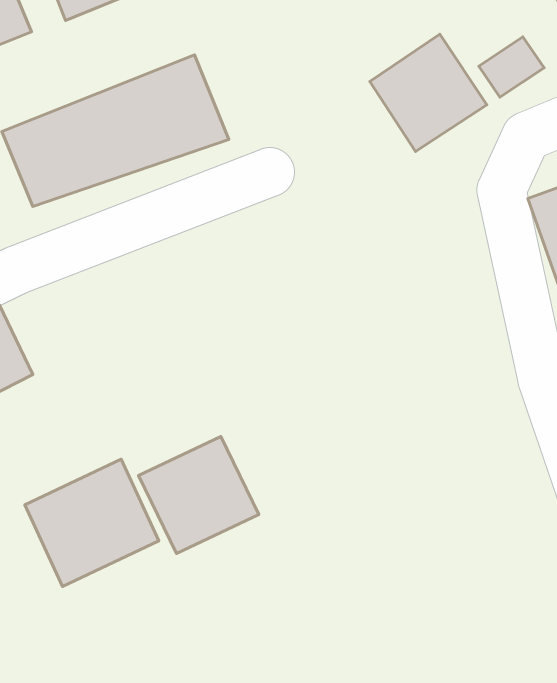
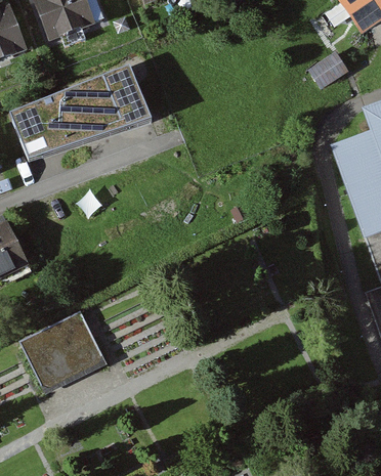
building: [370,34,487,151] -> none
building: [138,436,259,553] -> none

